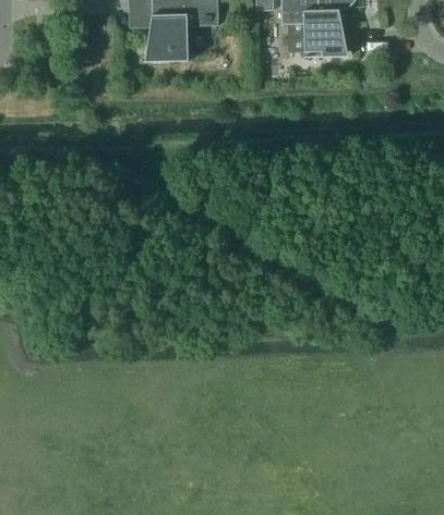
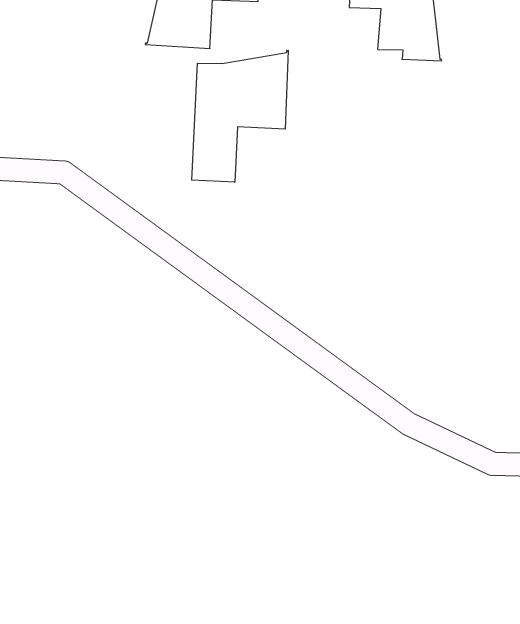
building: none -> [192,50,288,182]

